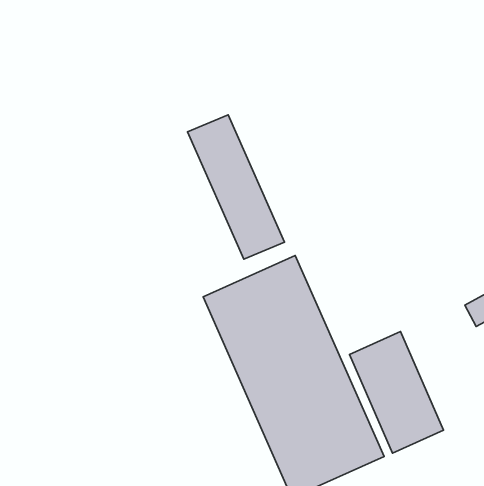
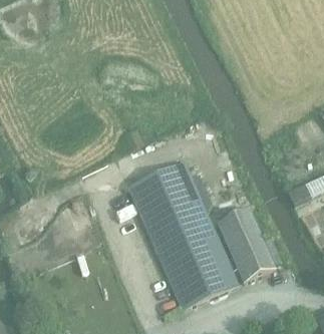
building: [187,115,285,259] -> none

